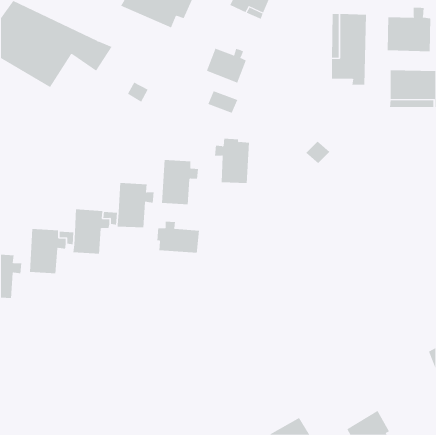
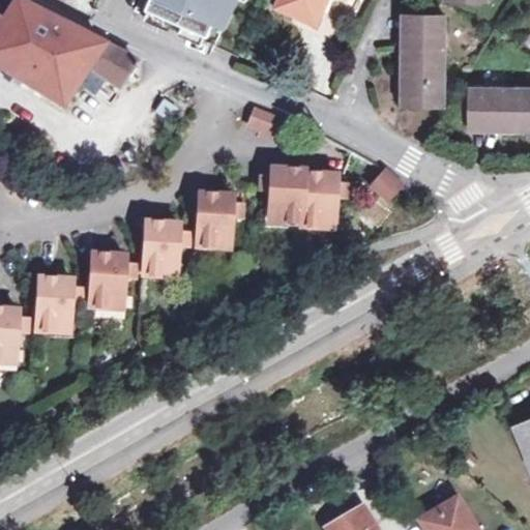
building: [387,7,431,52] -> none
building: [206,48,247,83] -> none
building: none -> [300,173,345,228]
building: [157,221,199,253] -> none

